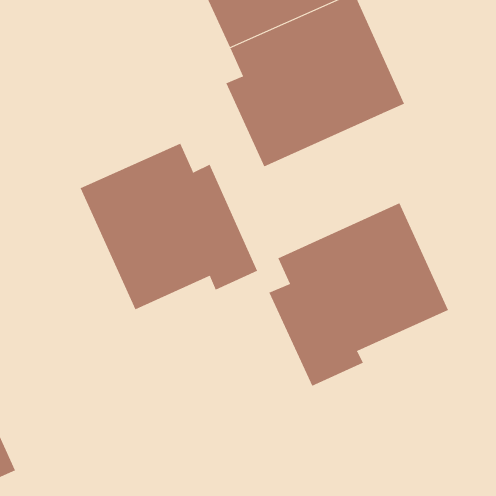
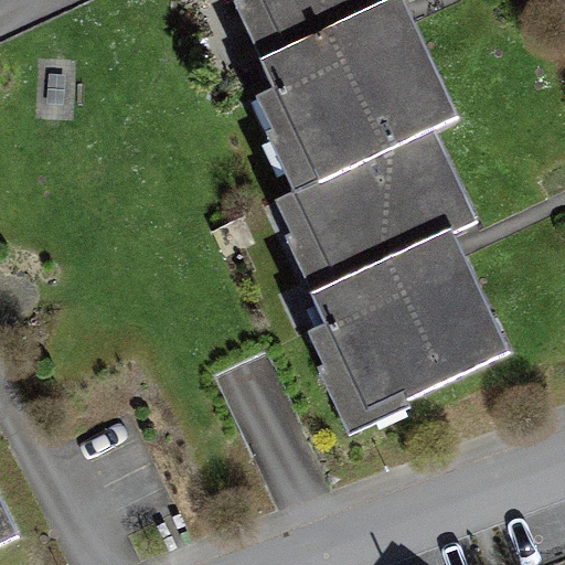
building: none -> [271,128,472,291]
building: [80,143,258,310] -> none

